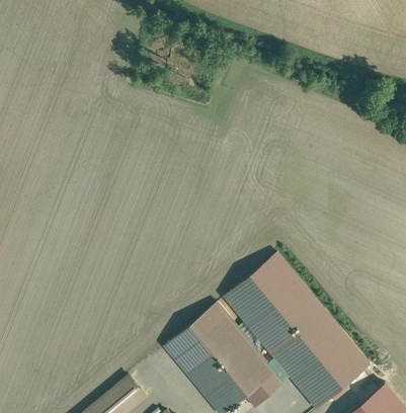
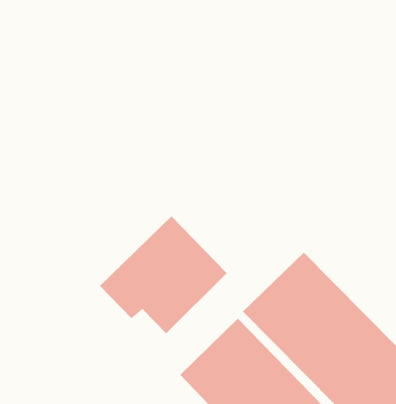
building: none -> [99,215,228,334]

